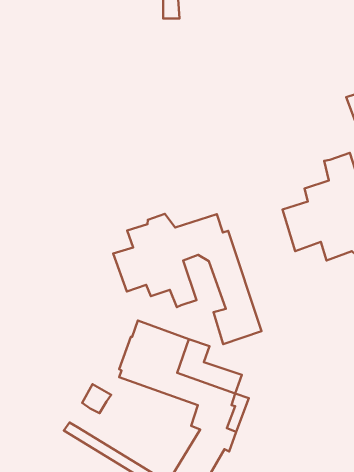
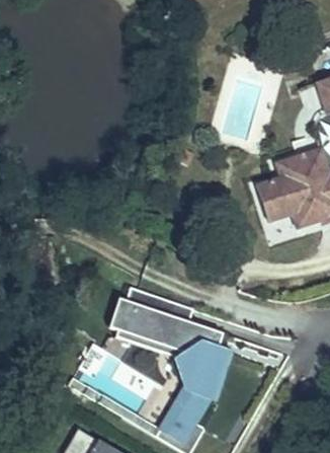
building: [113,214,262,344] -> none

